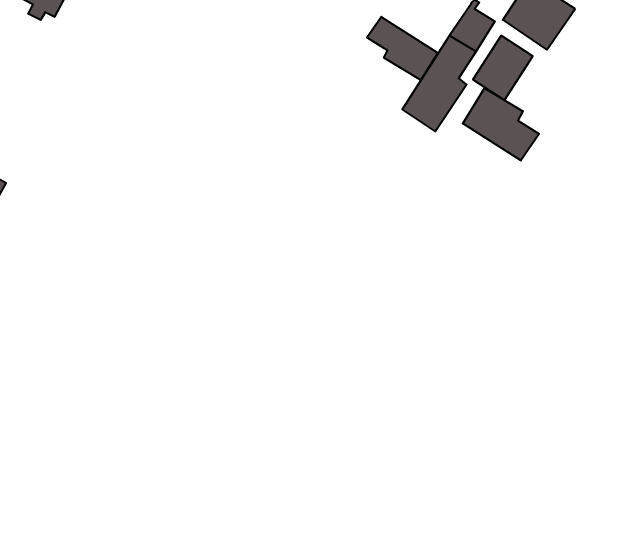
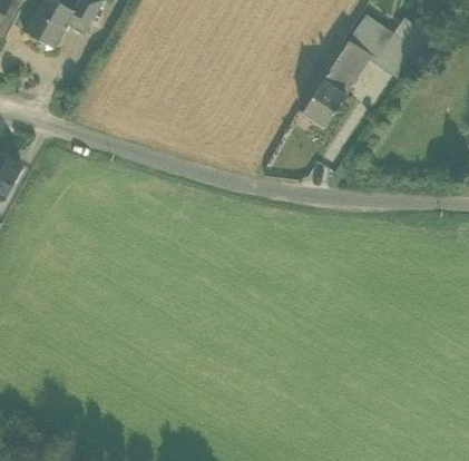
building: [367,17,438,80] -> none
building: [463,88,539,161] -> none

